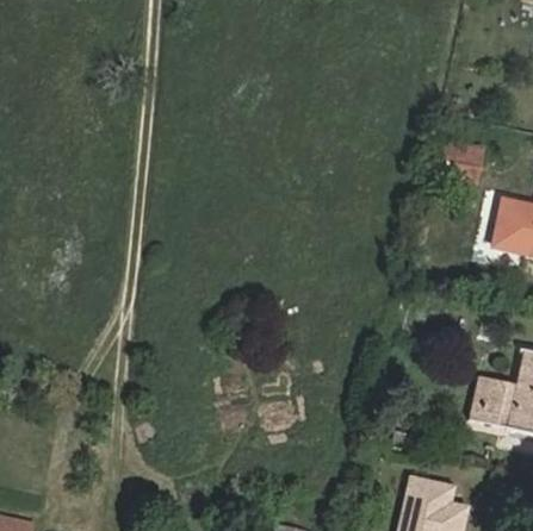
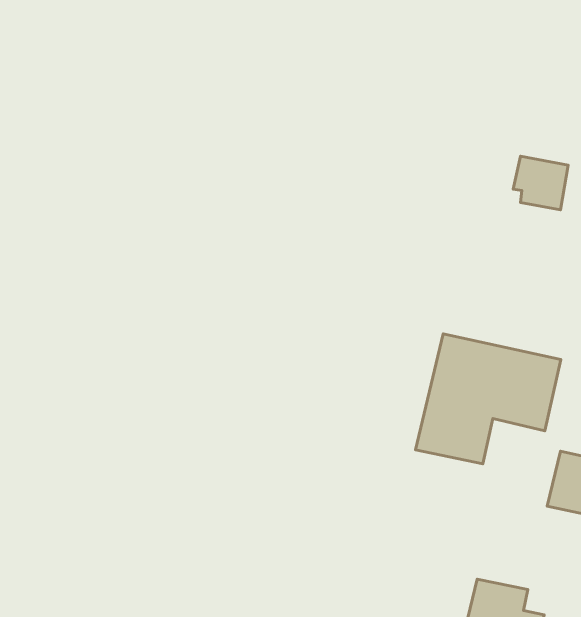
building: none -> [415,334,561,464]

